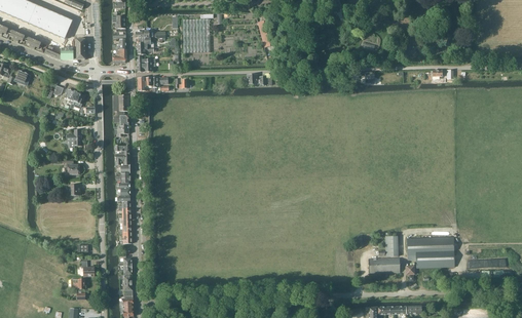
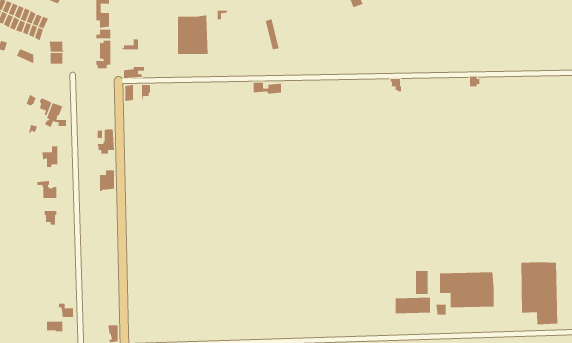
building: none -> [521,261,558,325]

